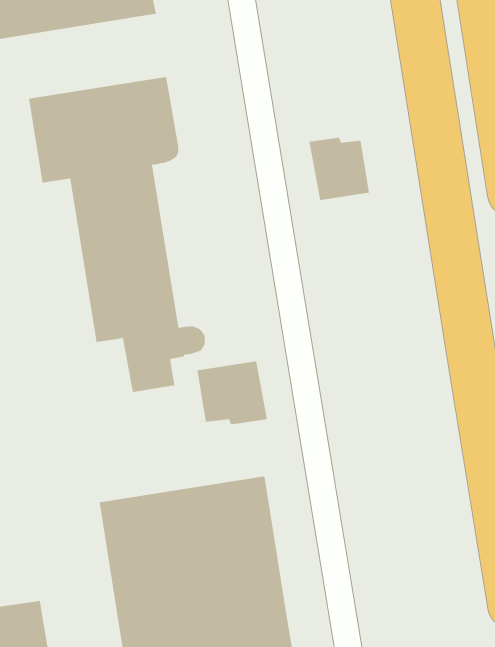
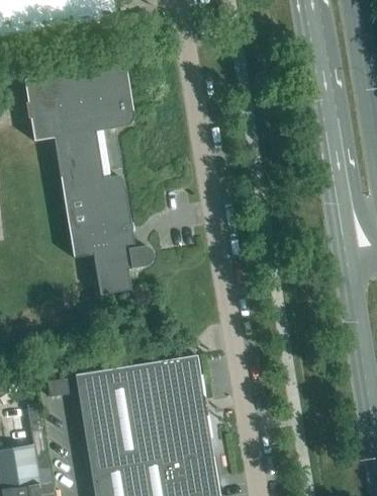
building: [309,137,369,201] -> none
building: [197,360,268,425] -> none

